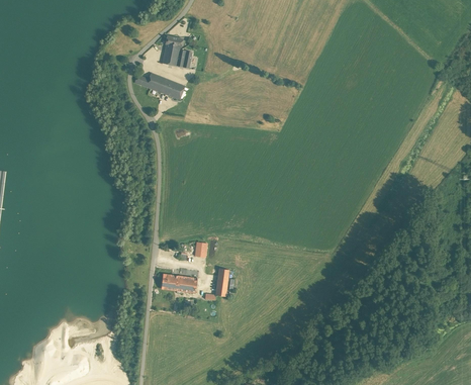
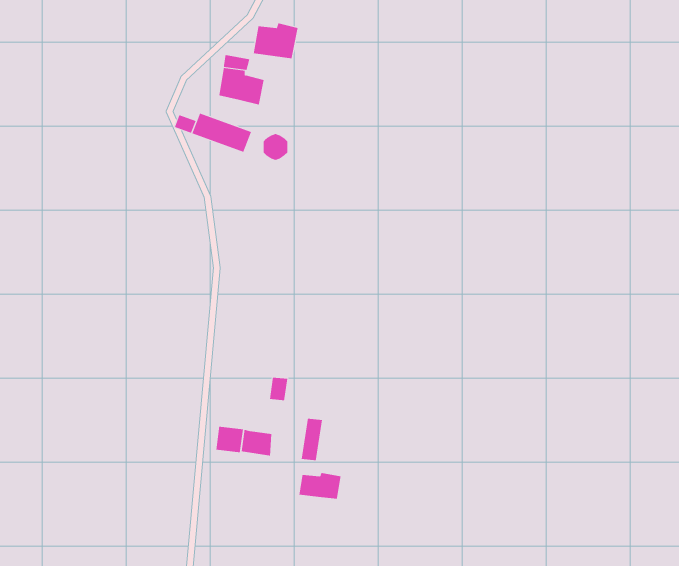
building: none -> [253,23,298,59]
building: none -> [299,472,341,500]

